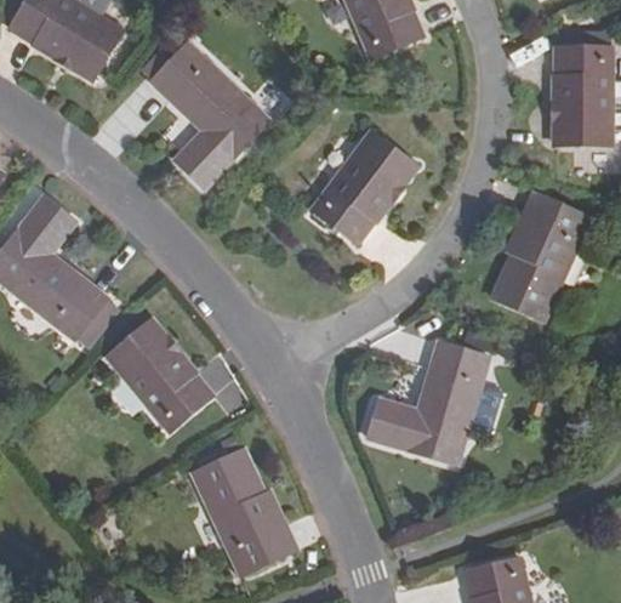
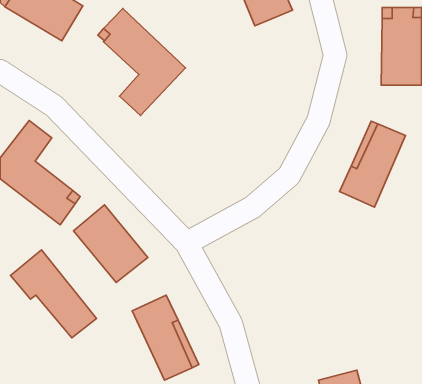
building: [312,131,416,245] -> none
building: [368,342,489,466] -> none
building: none -> [11,250,96,338]

